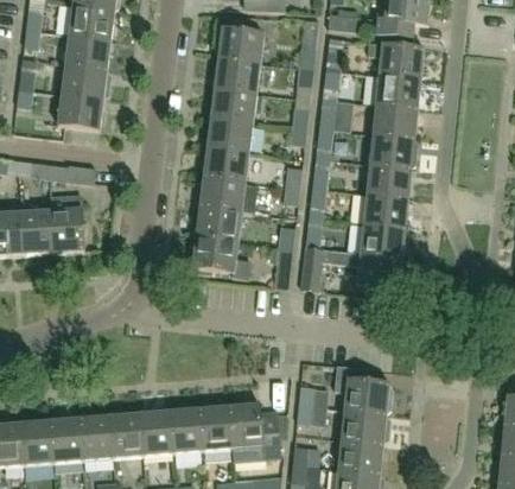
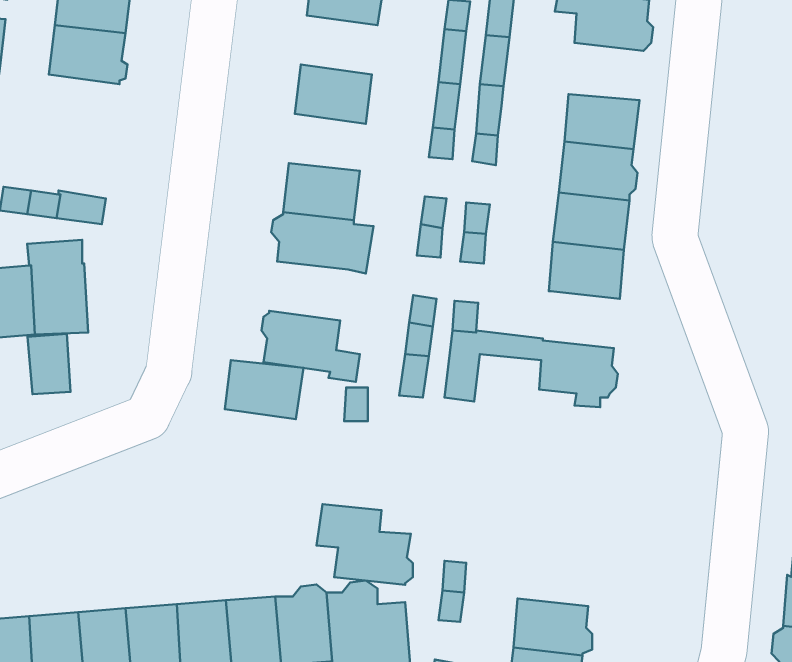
building: [214,58,260,94] -> none
building: [375,75,420,109] -> none
building: [58,94,104,129] -> none
building: [206,118,253,152] -> none
building: [195,207,242,242] -> [225,360,304,419]
building: [360,224,406,259] -> none
building: none -> [27,334,70,394]
building: [333,366,392,414] -> [316,504,413,585]

